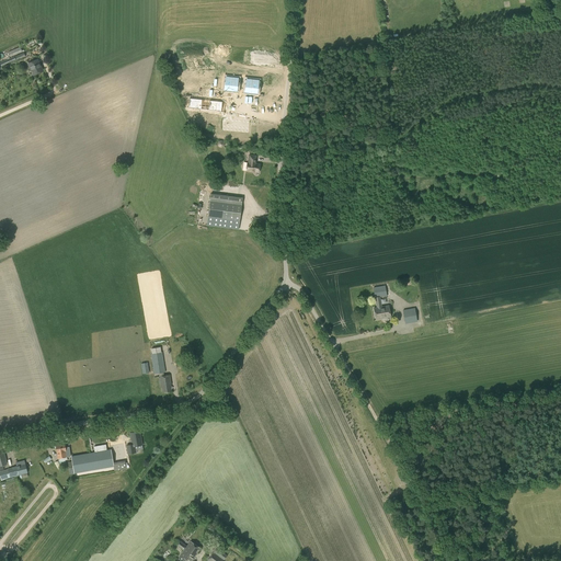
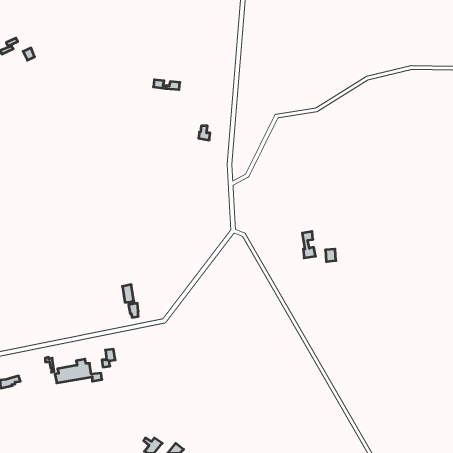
building: [208,194,242,220] -> none

